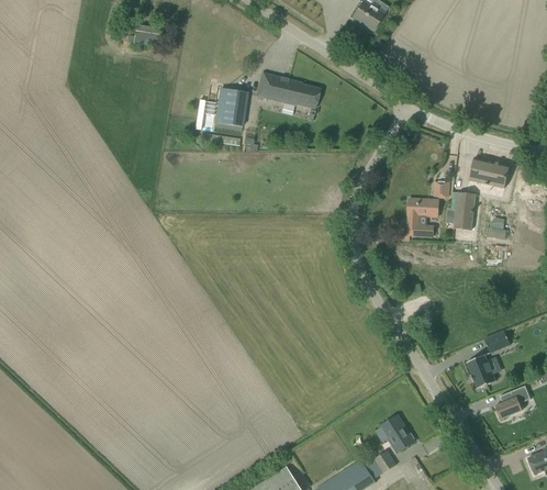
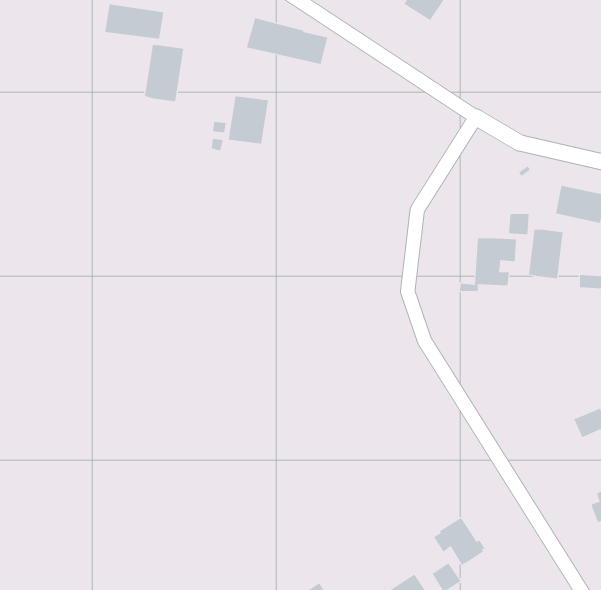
building: none -> [145,44,184,102]
building: [256,74,320,110] -> [246,18,328,64]
building: [467,355,495,389] -> none

